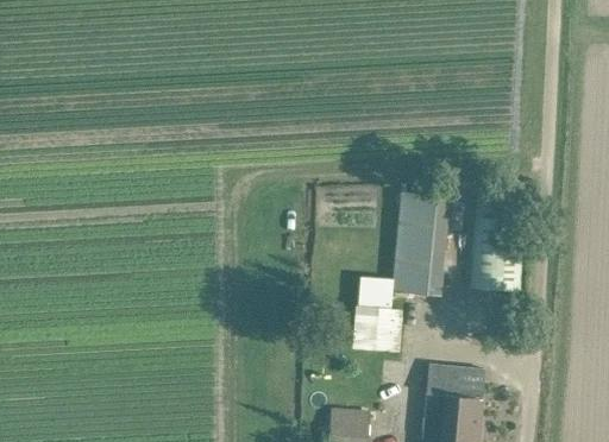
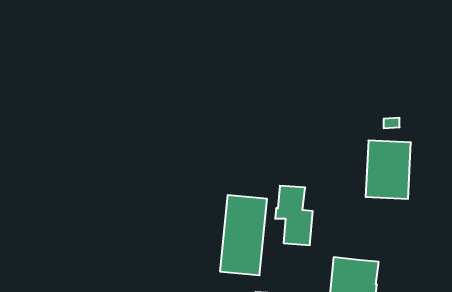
building: [391,194,451,295] -> [220,195,267,275]

